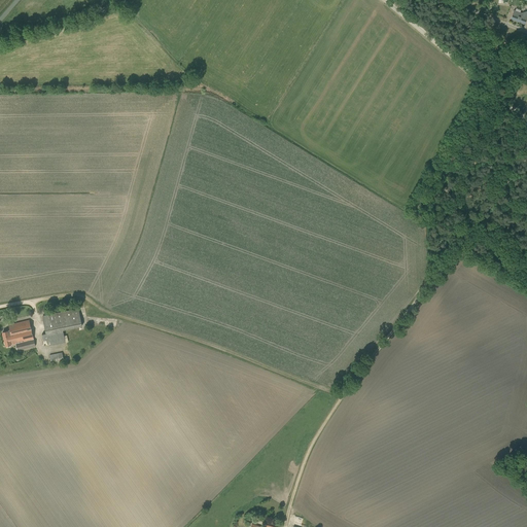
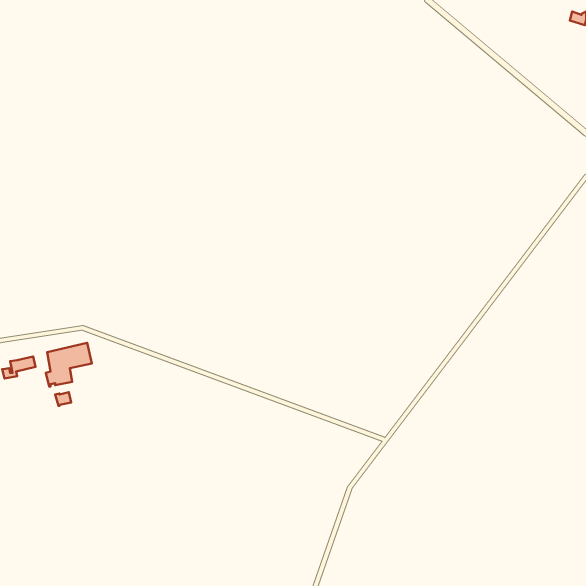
building: [4,329,35,350] -> none

